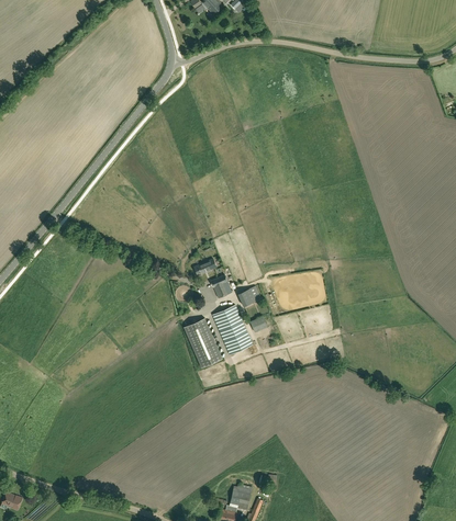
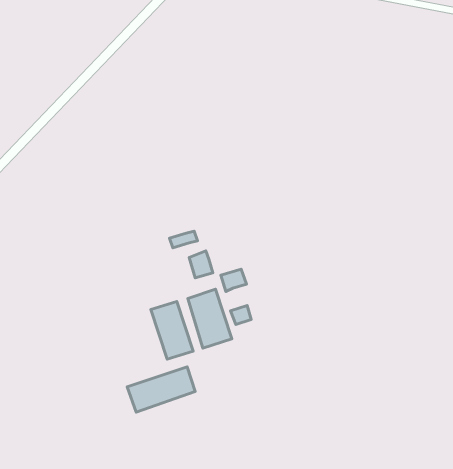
building: none -> [127,367,195,412]

